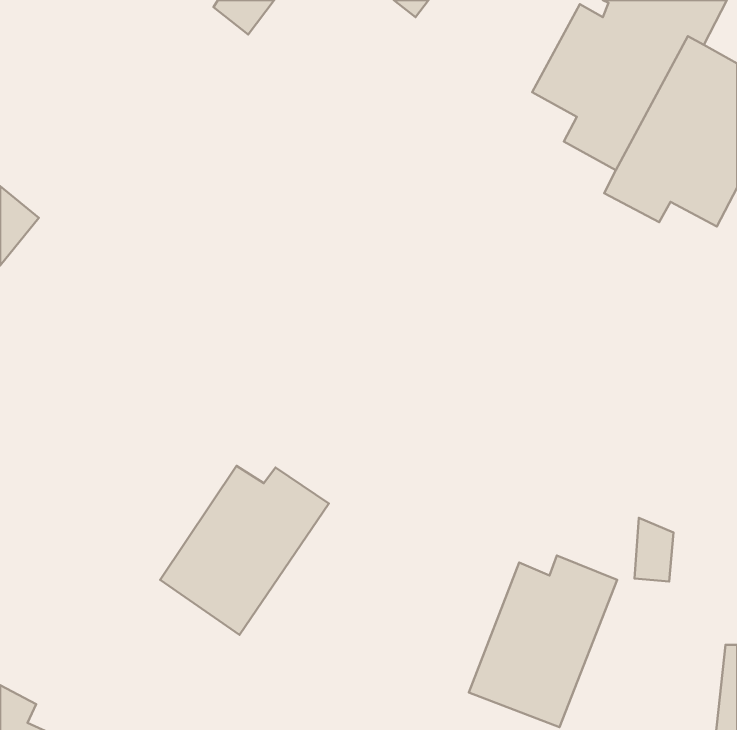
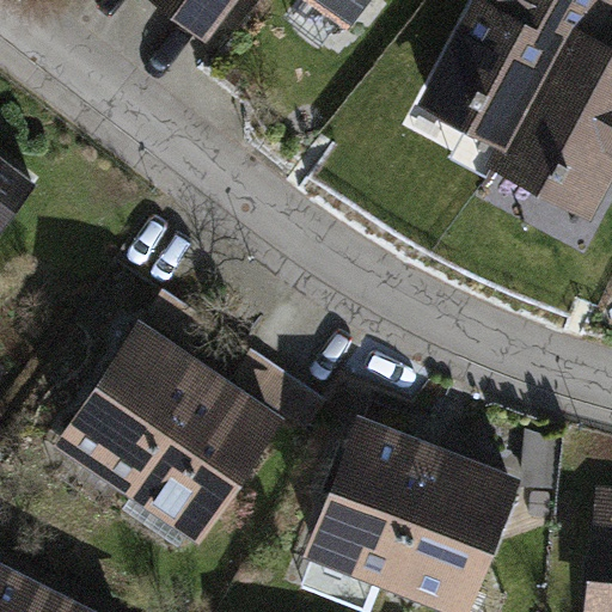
building: none -> [66,332,196,486]
building: none -> [313,406,430,580]

